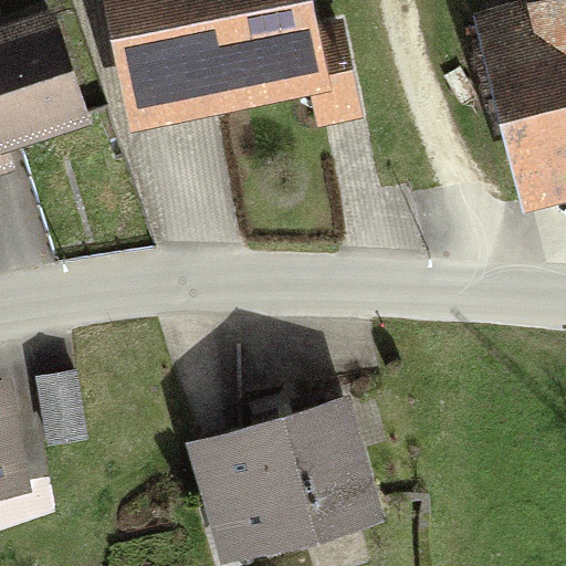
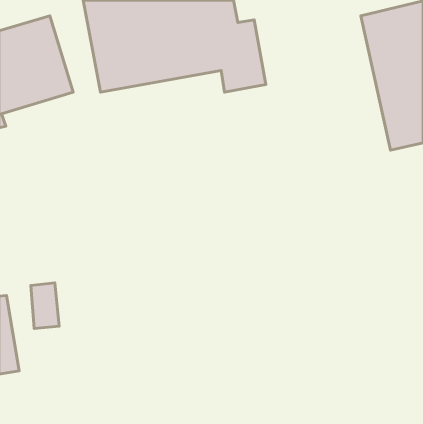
building: [193,412,377,560] -> none

